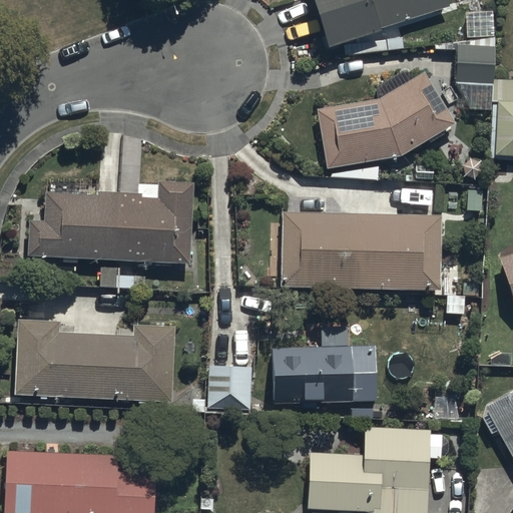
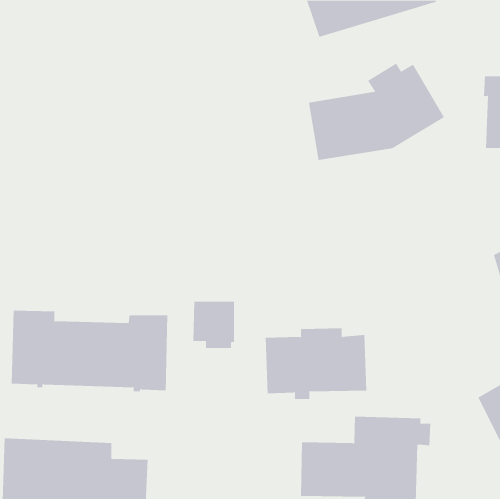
building: [456,45,496,111] -> none
building: [29,181,192,263] -> none
building: [282,213,441,289] -> none
building: [208,368,251,416] -> [192,301,235,349]

